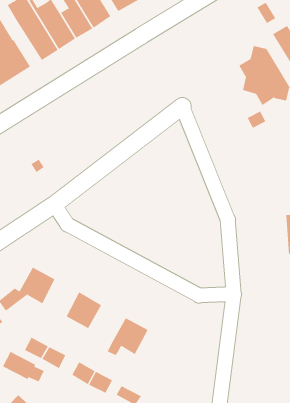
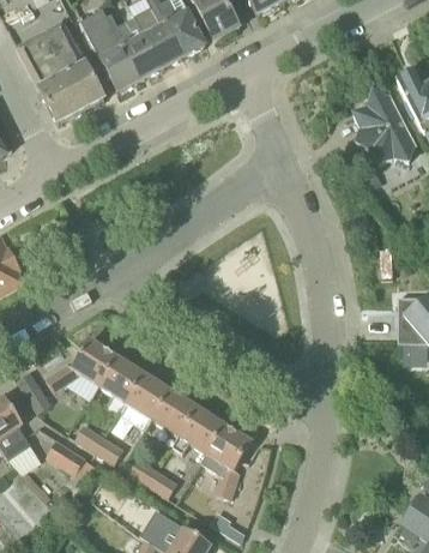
building: none -> [99,355,144,401]
building: none -> [152,390,198,434]
building: none -> [200,423,252,498]

